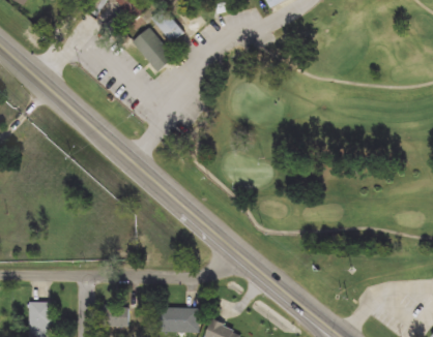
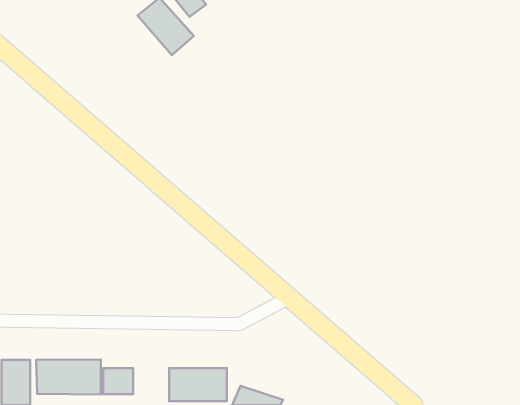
building: none -> [36,359,101,395]

